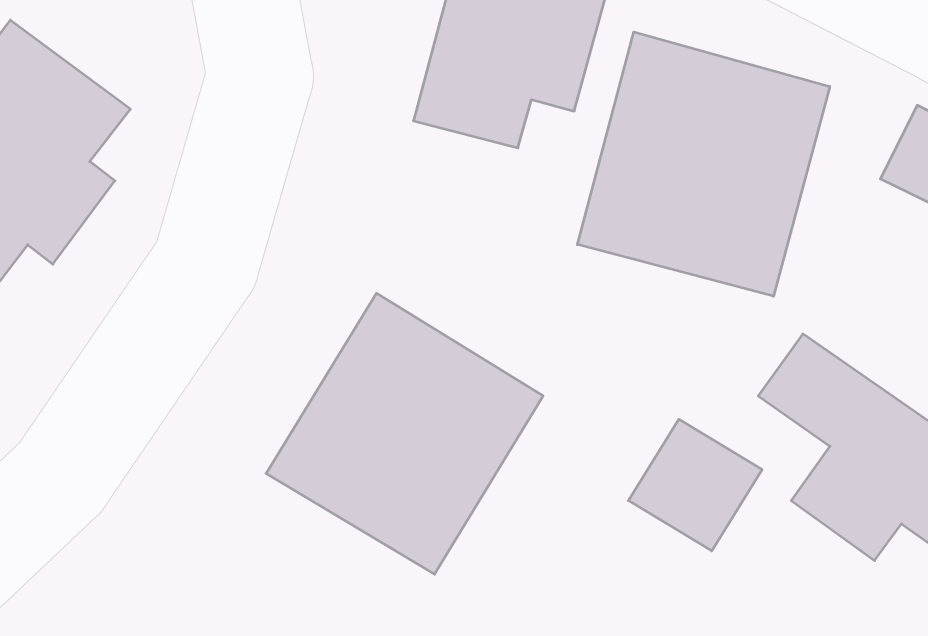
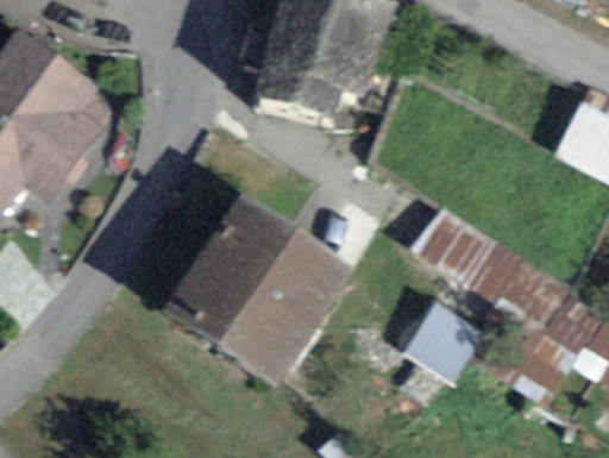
building: [577,32,830,296] -> none

